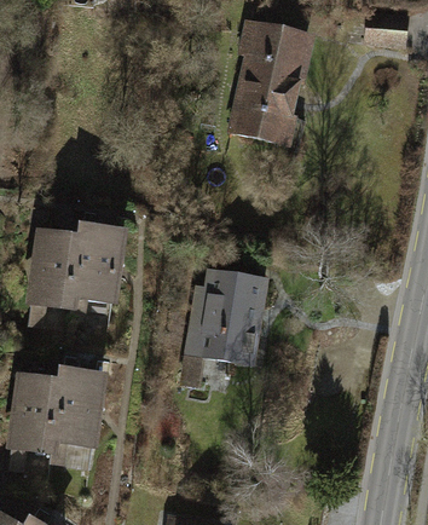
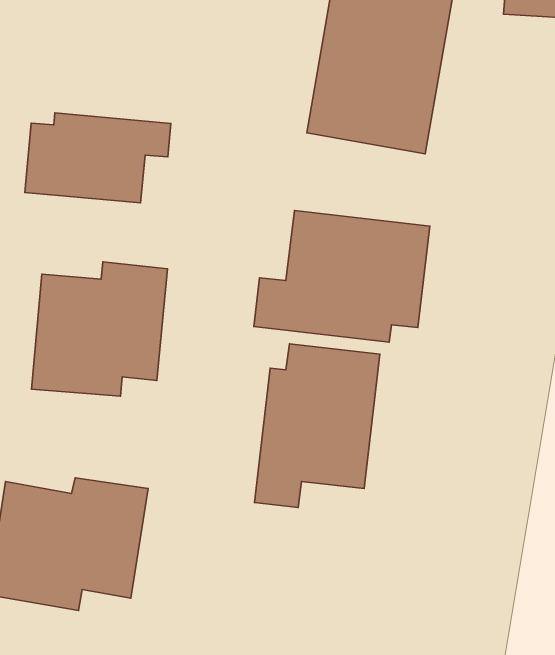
building: none -> [25,113,171,203]
building: none -> [254,210,430,342]

